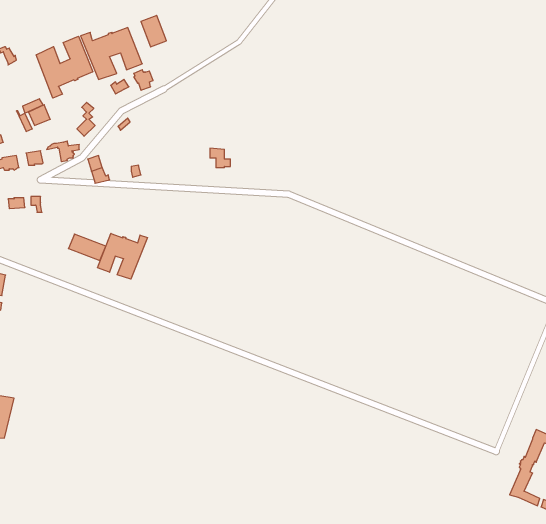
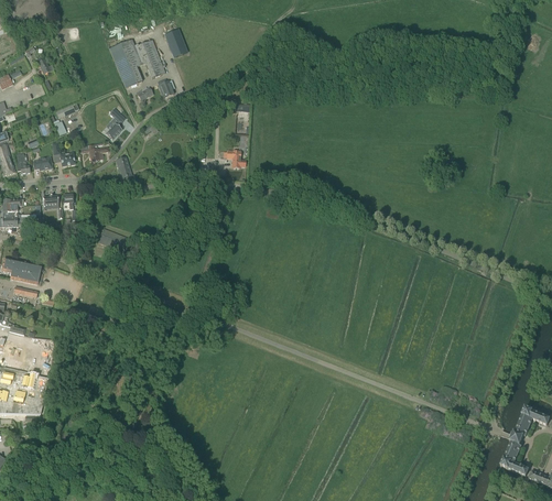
building: [36,36,93,98] -> none
building: [98,233,147,279] -> none

